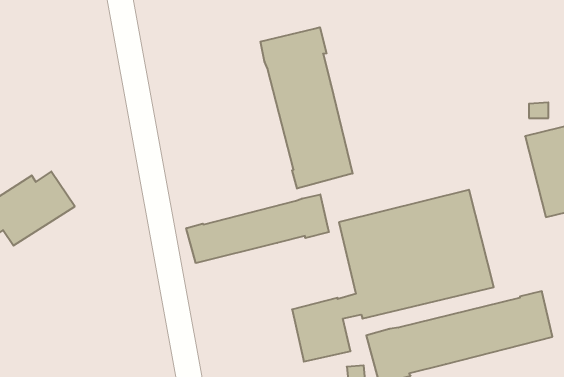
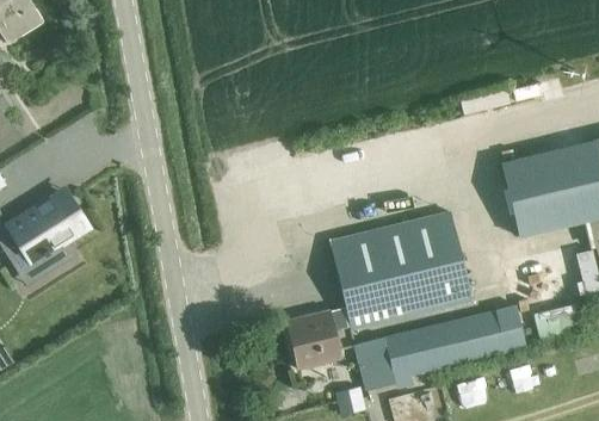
building: [260,27,353,189] -> none
building: [186,194,329,263] -> none

